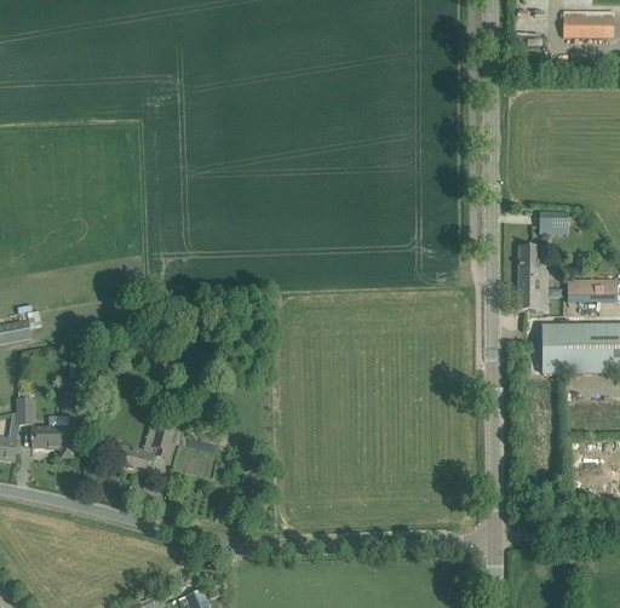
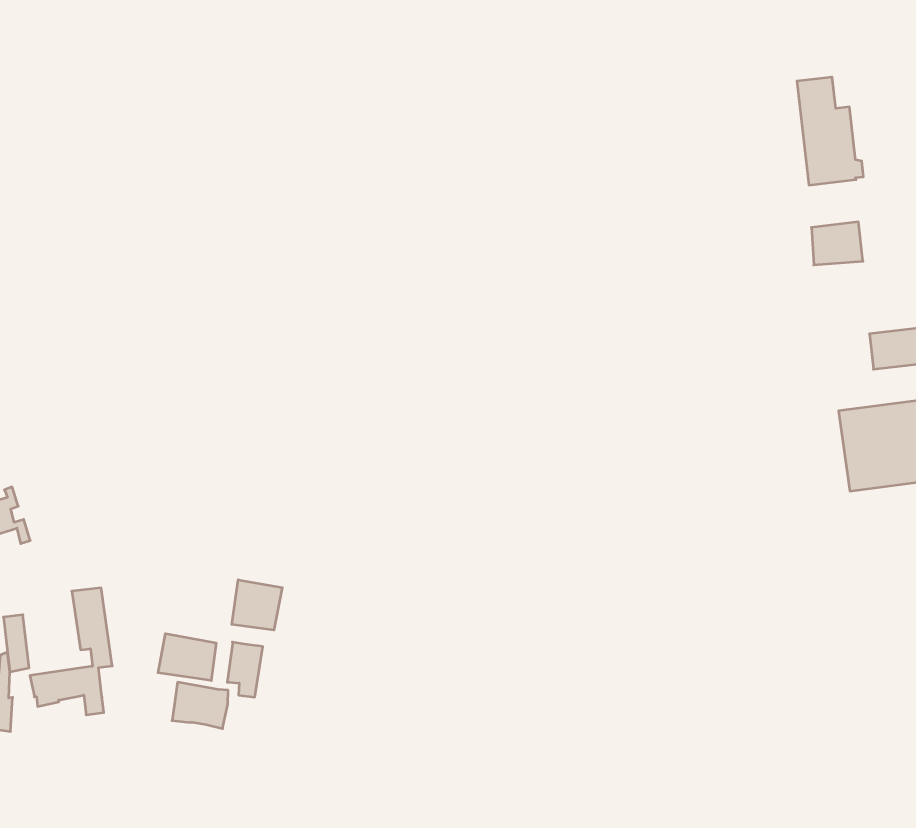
building: [517,245,551,309] -> [797,77,863,185]
building: none -> [232,580,282,630]
building: none -> [158,634,216,681]

